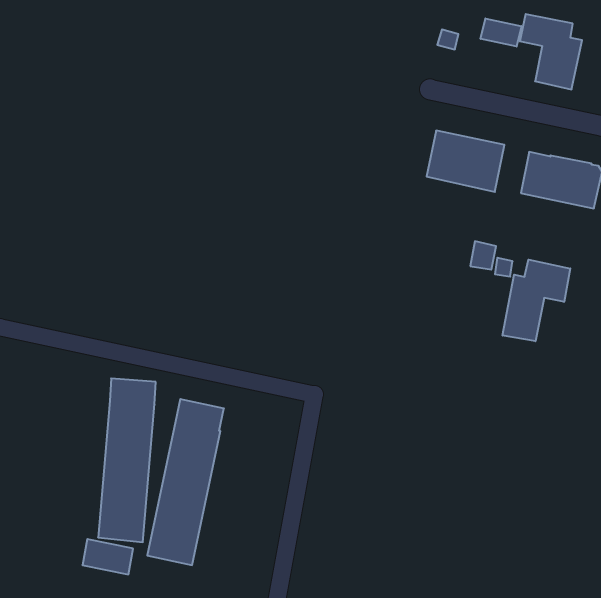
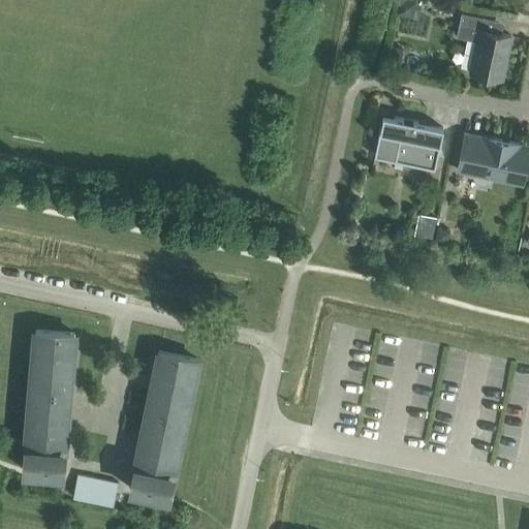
building: [481,18,521,47] -> none
building: [503,260,570,341] -> none
building: [98,378,156,542] -> [24,333,74,476]

